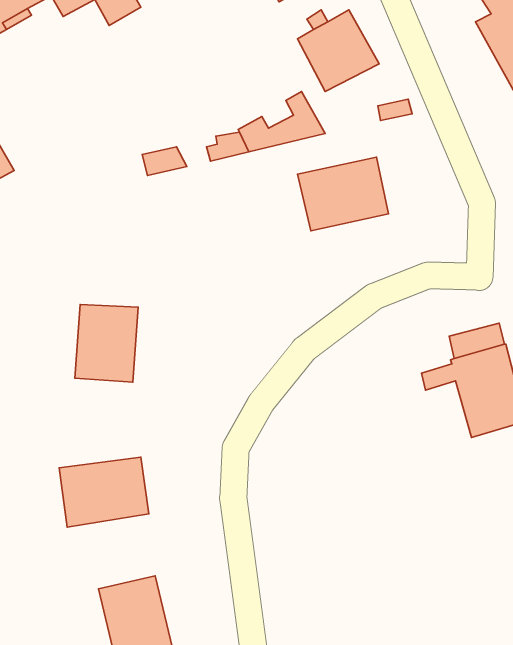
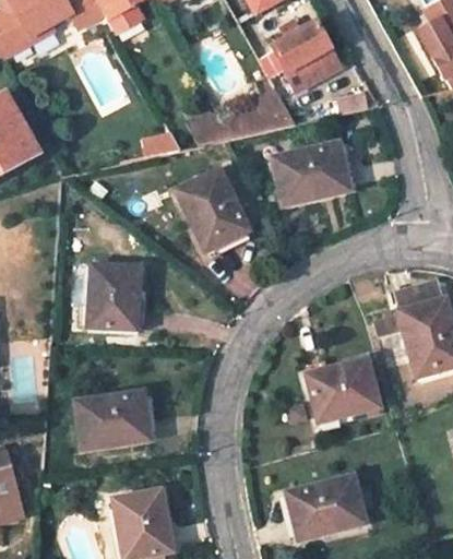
building: none -> [177,168,249,251]
building: none -> [307,358,379,423]
building: none -> [286,474,363,539]

